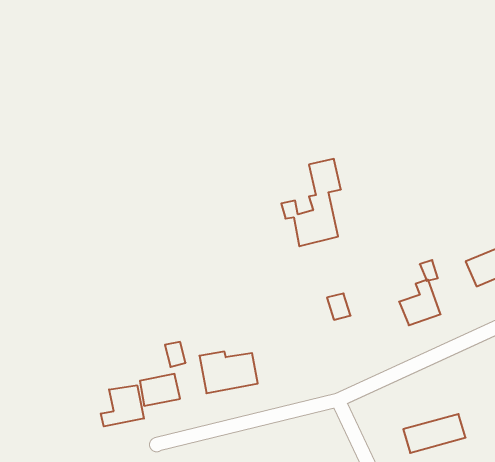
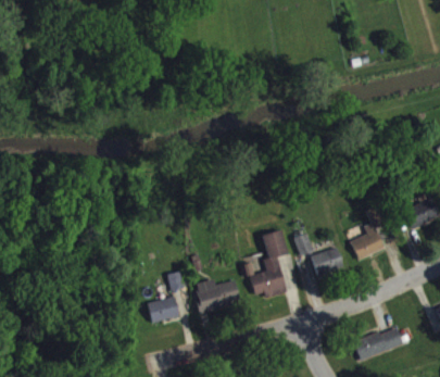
building: [281,159,341,246] -> [241,230,288,299]
building: none -> [311,247,344,276]
building: [101,385,144,426] -> none

